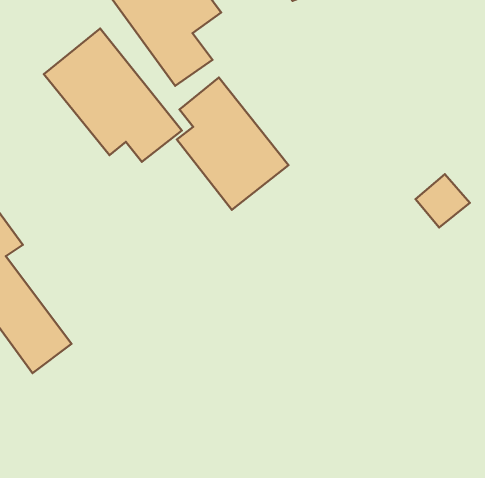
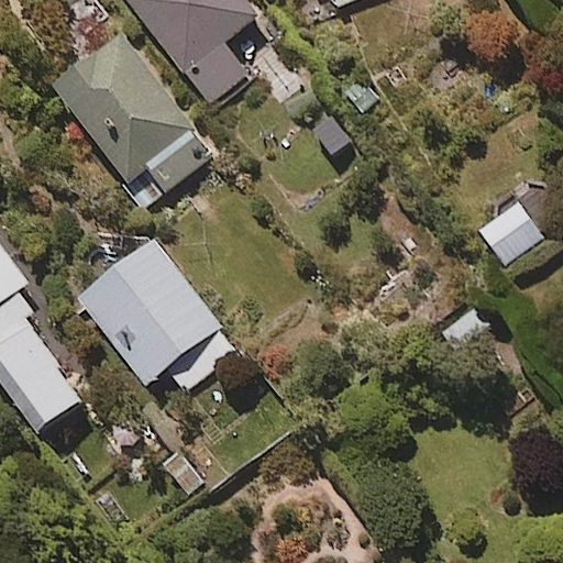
building: [177,78,289,210] -> none
building: none -> [78,241,254,386]

